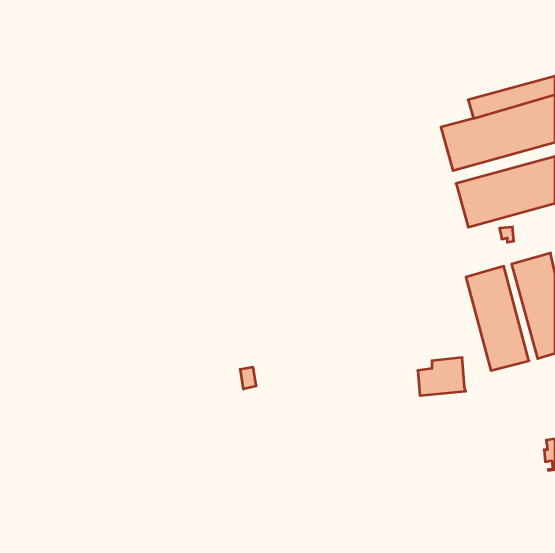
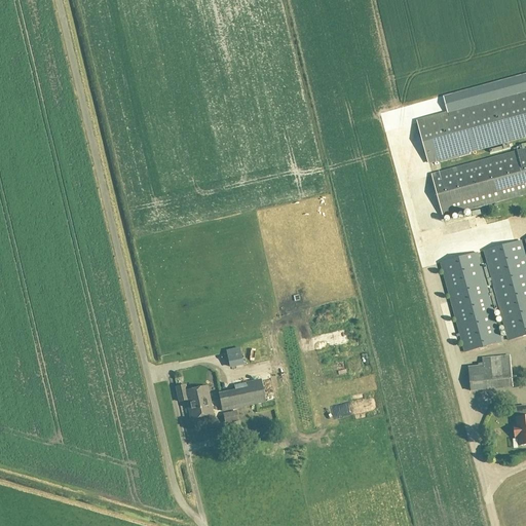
building: [418,358,466,396] -> [468,354,514,390]
building: none -> [220,379,265,410]
building: none -> [176,384,213,418]

